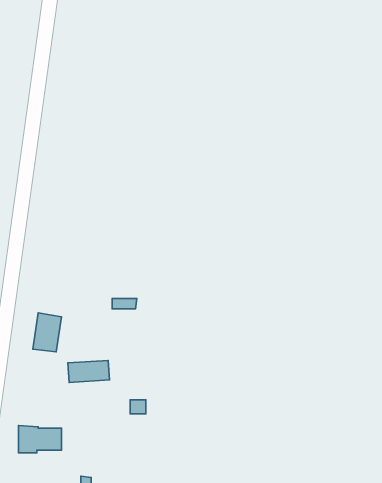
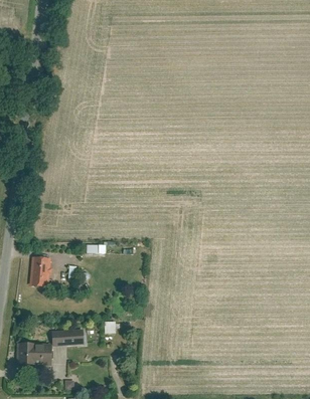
building: [68,360,109,382] -> [51,329,84,346]

